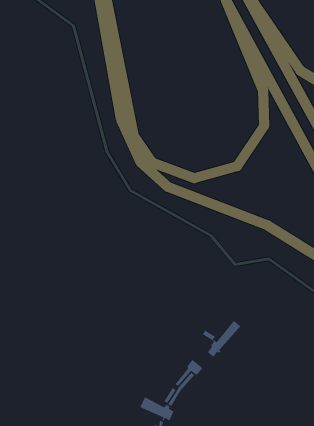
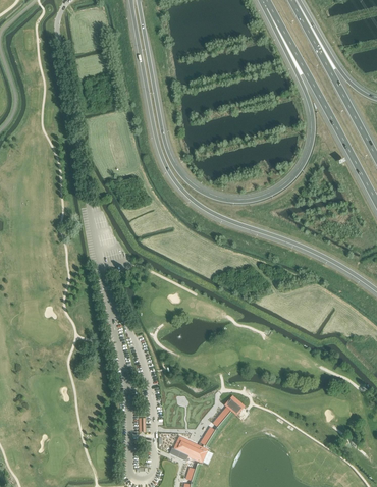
building: [202,320,241,358] -> none

